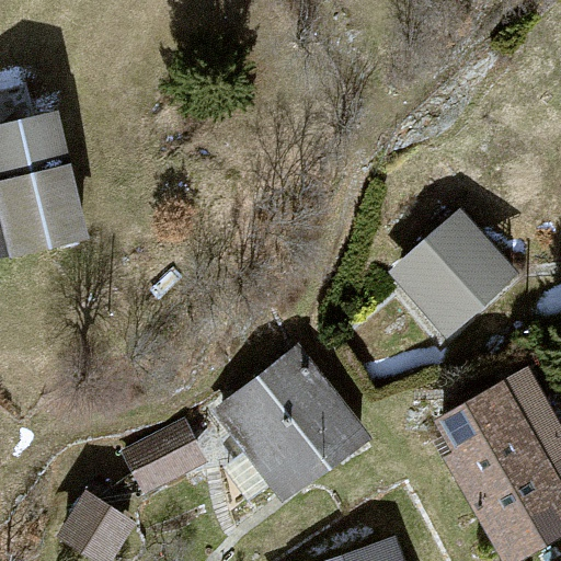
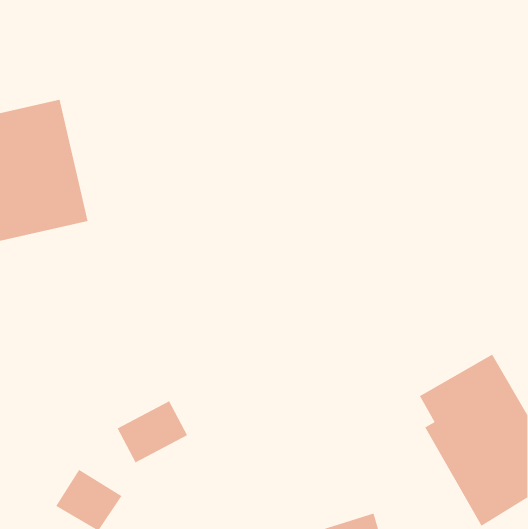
building: [392,215,510,331] -> none
building: [221,353,362,495] -> none

